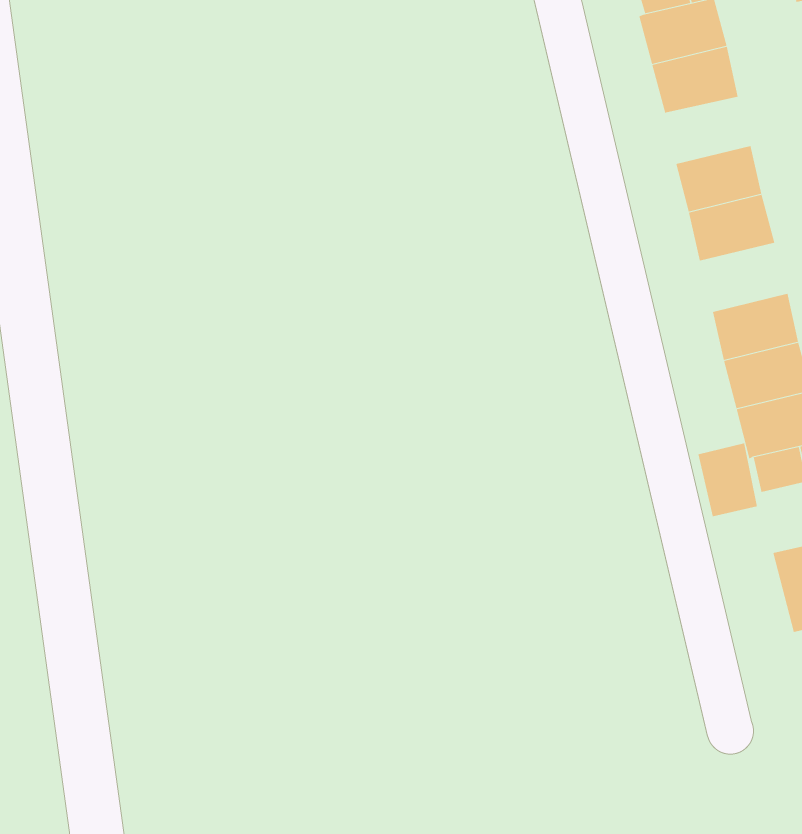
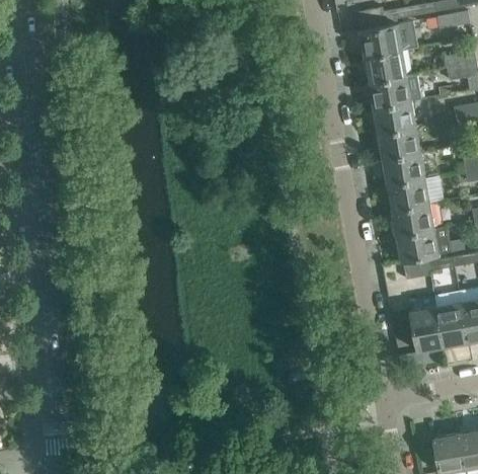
building: none -> [369,75,412,107]
building: none -> [382,151,426,184]
building: [698,443,758,517] -> none

